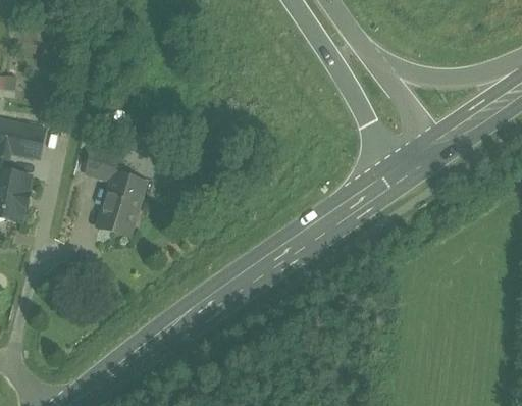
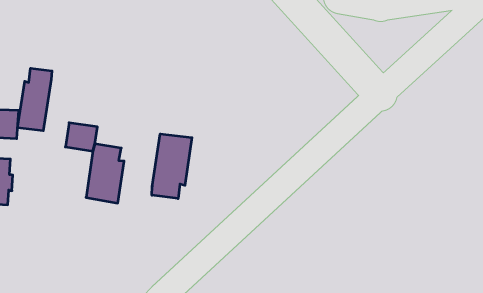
building: none -> [18,68,52,131]
building: none -> [152,134,192,199]

